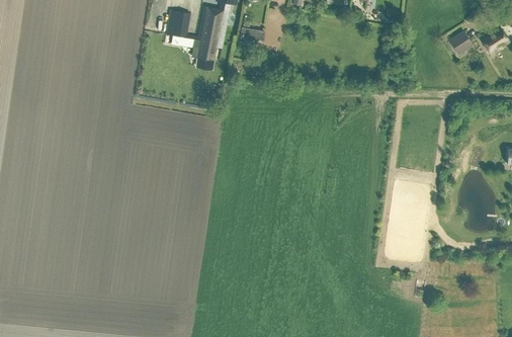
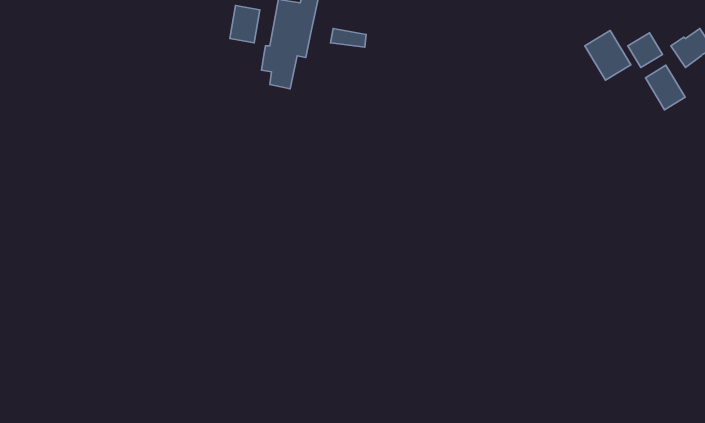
building: none -> [585,30,631,80]
building: none -> [645,65,685,110]

